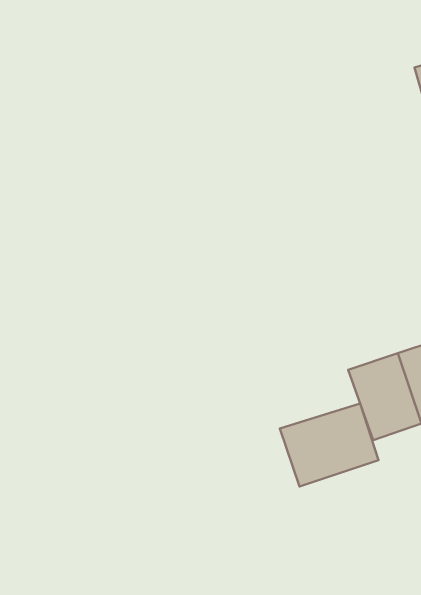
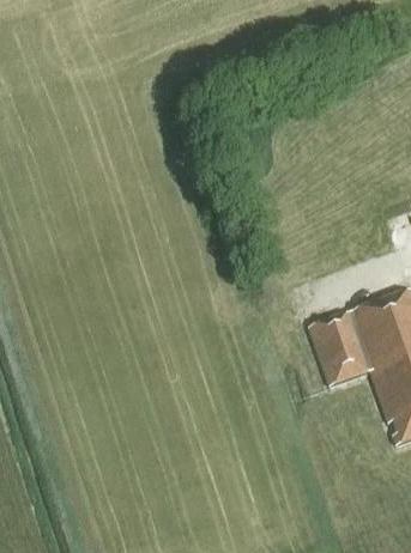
building: [280,403,378,487] -> none

